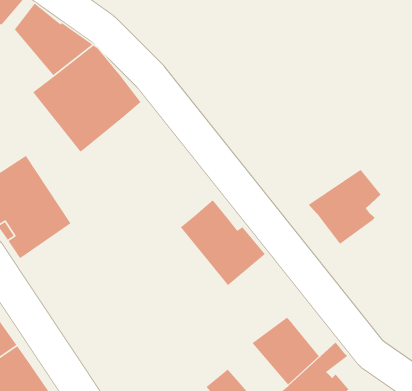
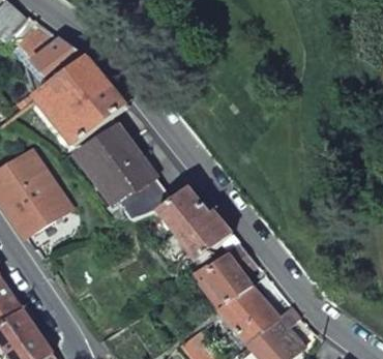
building: none -> [77,117,171,220]
building: [308,169,382,245] -> [194,242,256,306]

